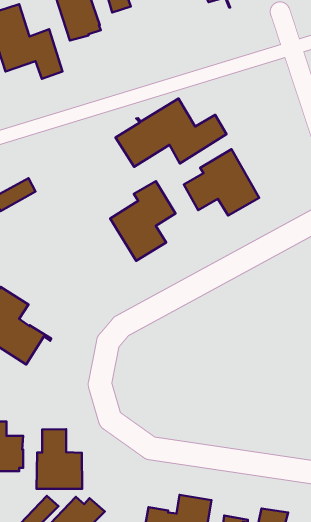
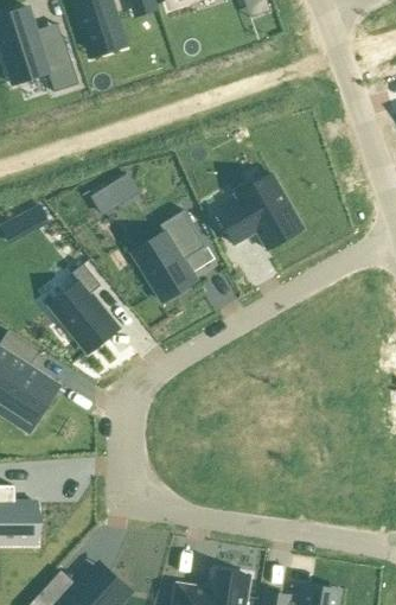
building: [116,98,227,167] -> none
building: none -> [91,173,141,216]
building: none -> [49,261,116,350]
building: [37,429,82,489] -> none

